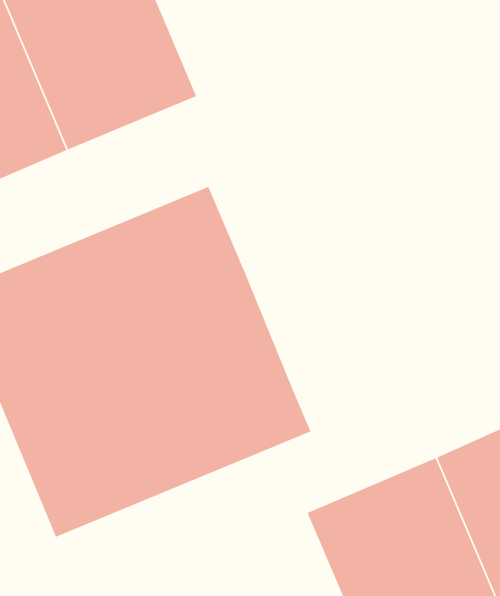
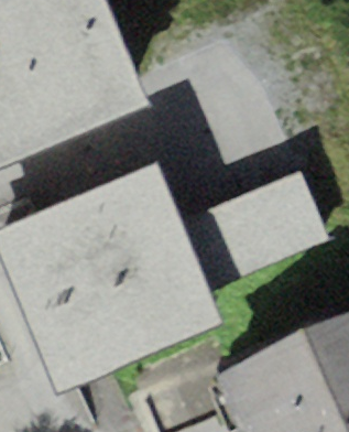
building: none -> [181,171,329,291]

